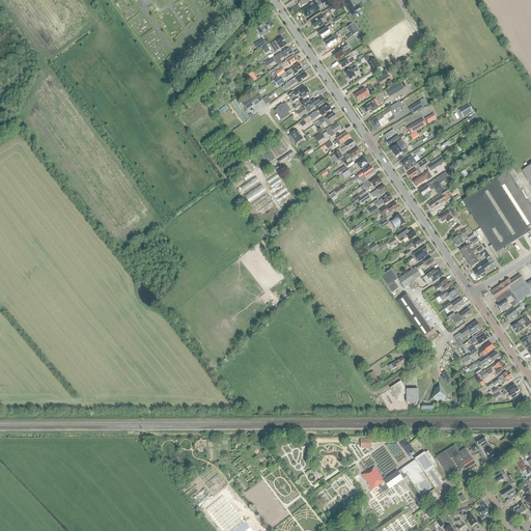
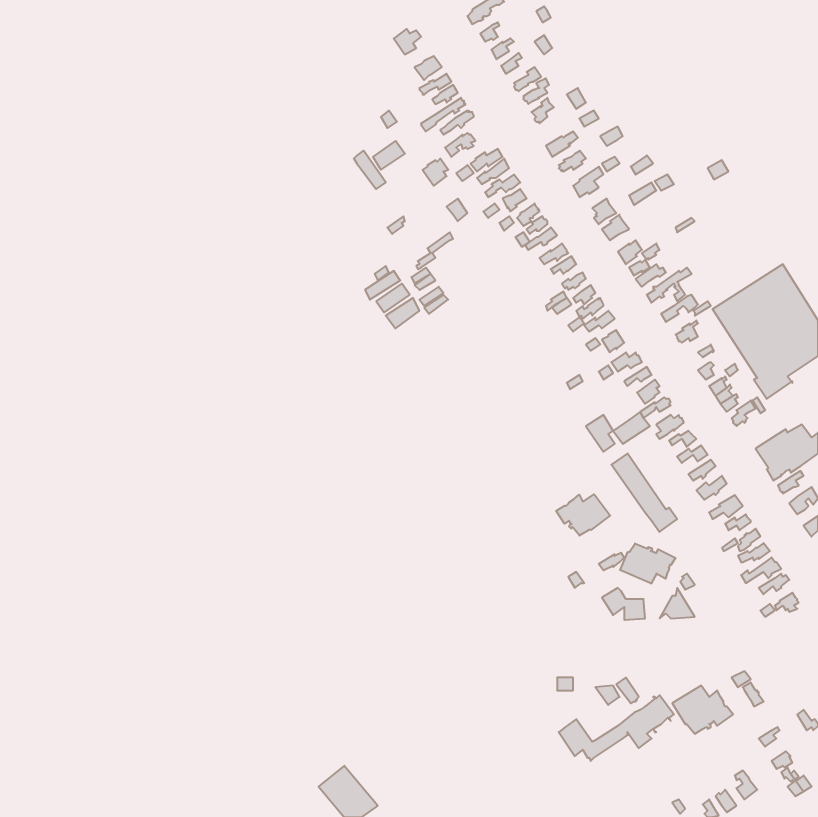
building: none -> [556,494,610,536]
building: none -> [620,543,676,584]

